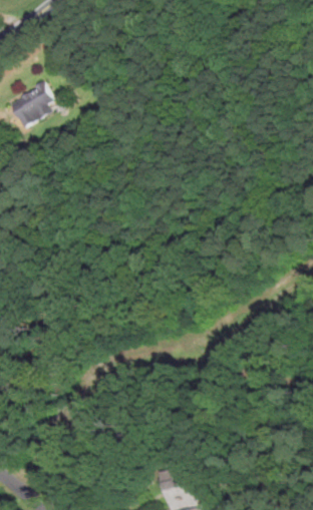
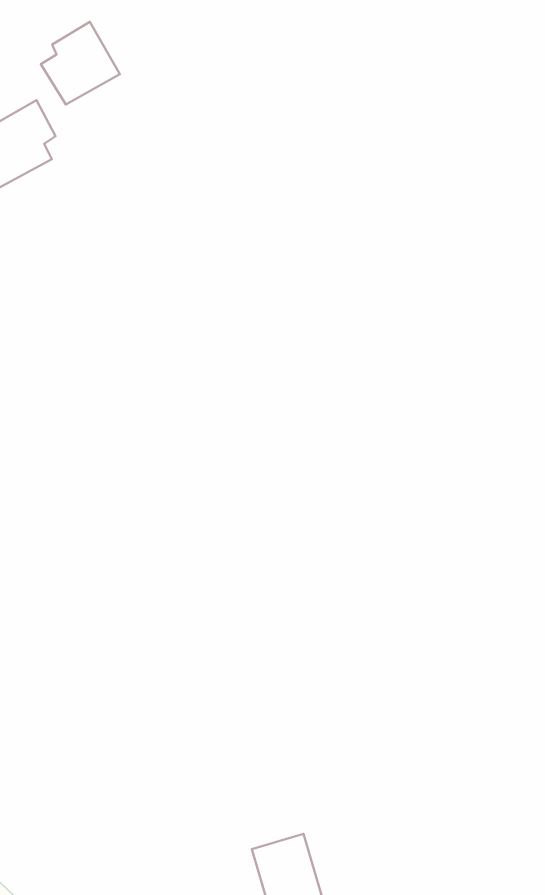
building: none -> [41,22,120,105]

